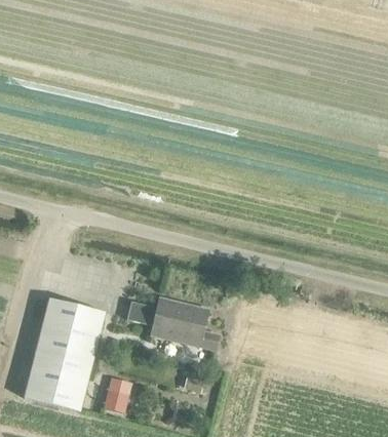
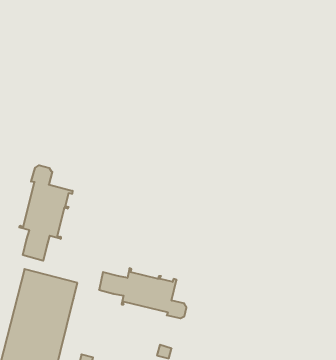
building: none -> [19,165,73,261]

